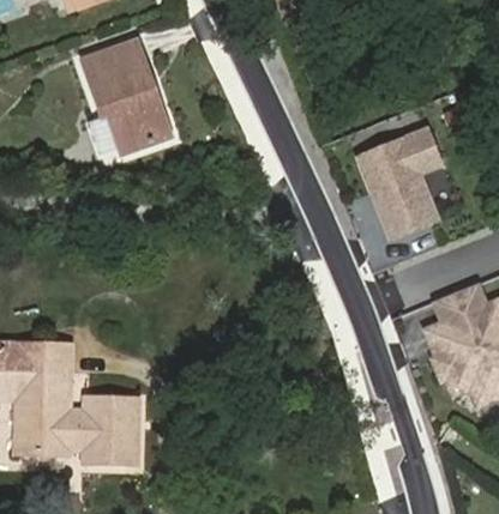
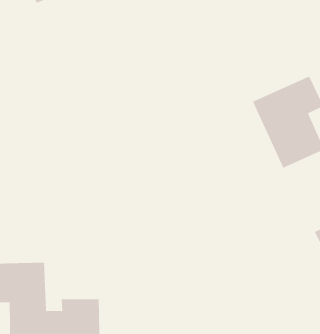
building: [83,43,172,152] -> none

